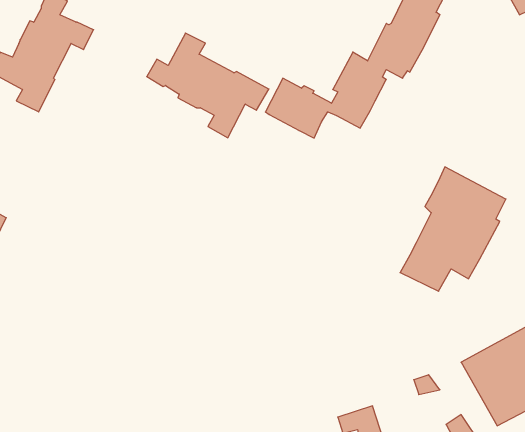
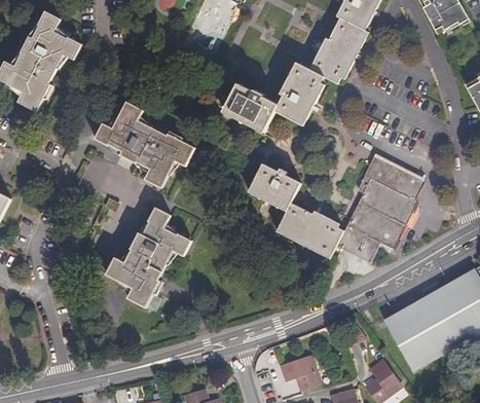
building: [147,33,269,138] -> [95,101,195,187]
building: none -> [250,162,343,256]
building: none -> [107,207,192,306]

